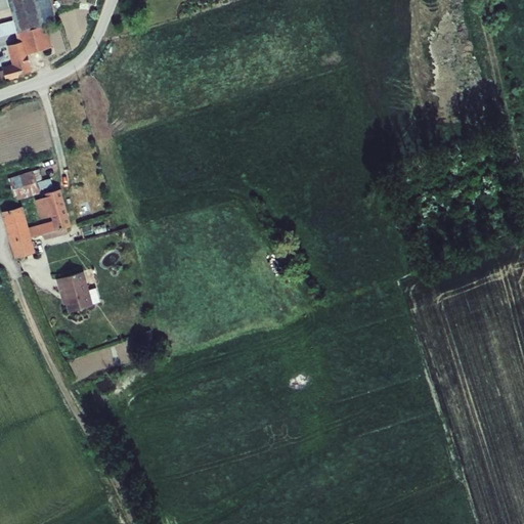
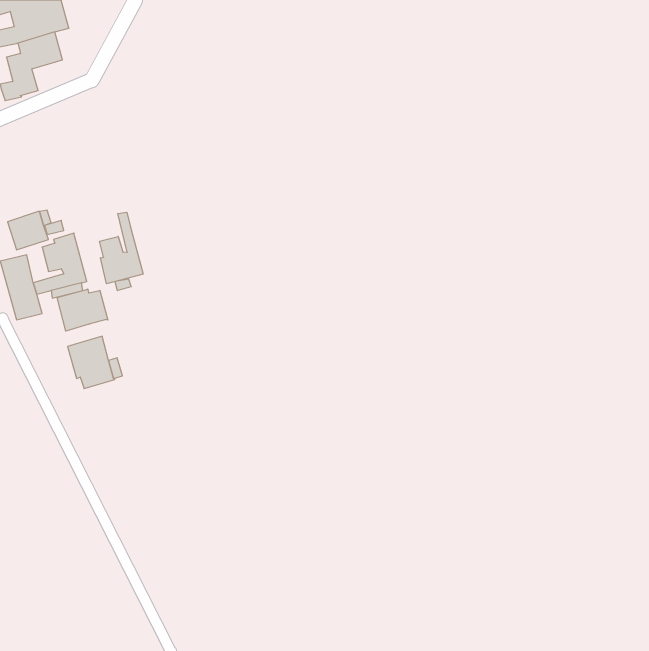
building: none -> [100,212,143,284]
building: none -> [57,289,108,331]

